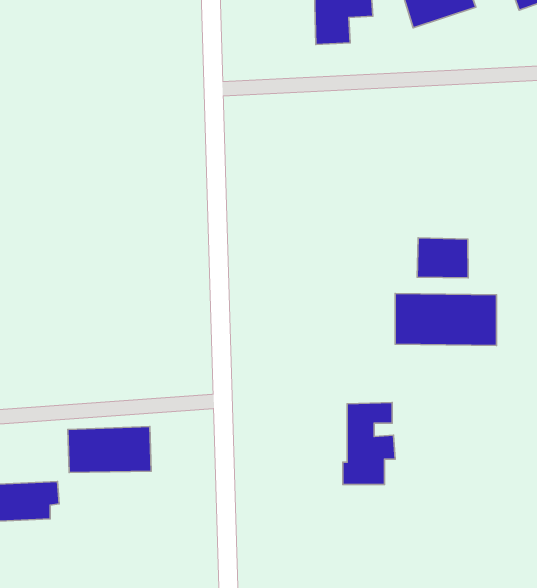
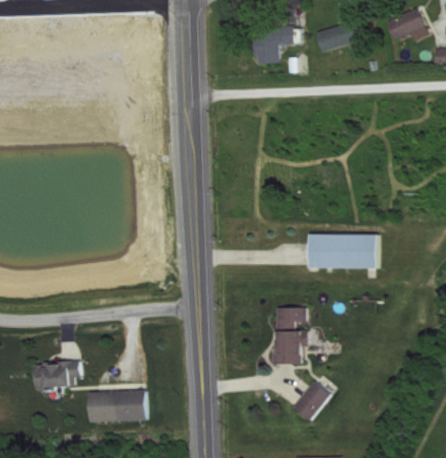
building: [417,238,468,278] -> none
building: [68,426,151,473] -> [88,390,145,421]
building: none -> [294,382,331,420]

